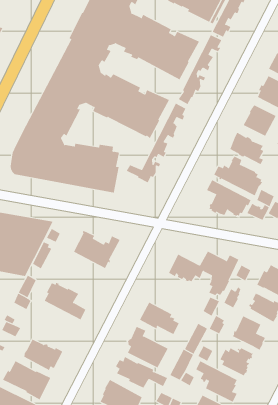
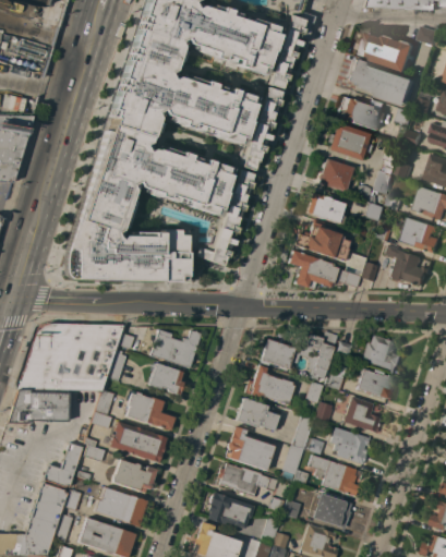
building: none -> [149,364,184,397]
building: none -> [245,365,296,405]
building: none -> [110,422,167,464]

